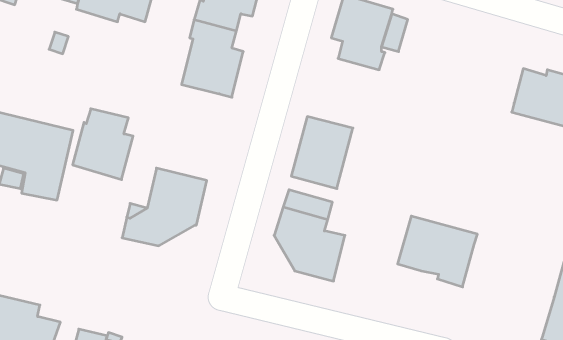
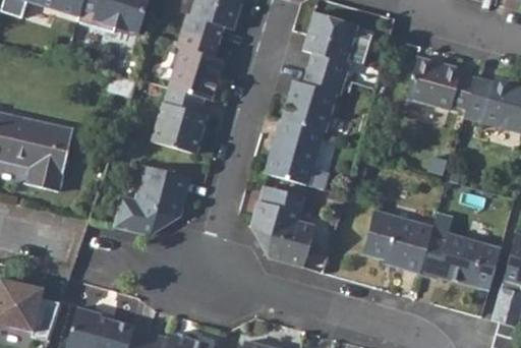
building: none -> [407,57,473,108]
building: none -> [281,68,345,131]
building: [73,109,133,180] -> [153,92,207,155]
building: none -> [419,231,499,287]

